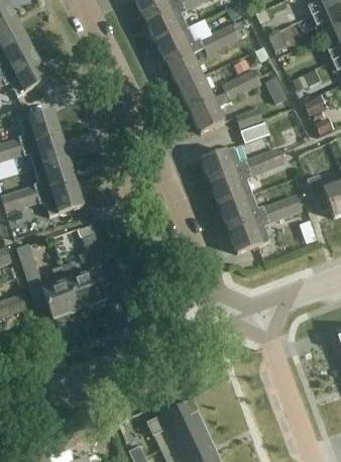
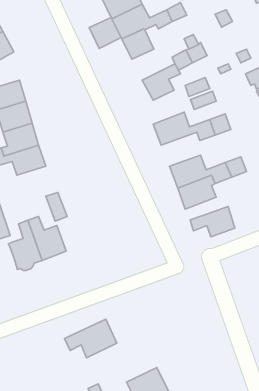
building: [178,76,213,110] -> [89,17,121,49]
building: [210,167,253,205] -> none
building: none -> [190,207,235,237]
building: [147,400,205,443] -> [65,319,117,358]

